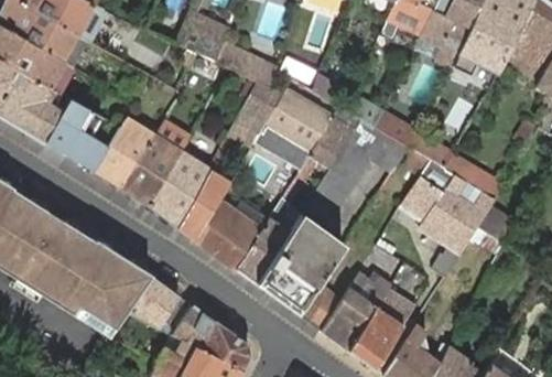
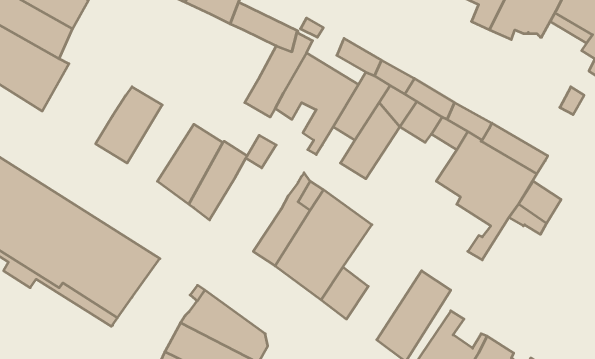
building: [45,98,109,171] -> none
building: [122,136,183,205] -> none
building: [197,202,262,269] -> none
building: [322,272,392,349] -> none
building: [127,276,181,334] -> none

